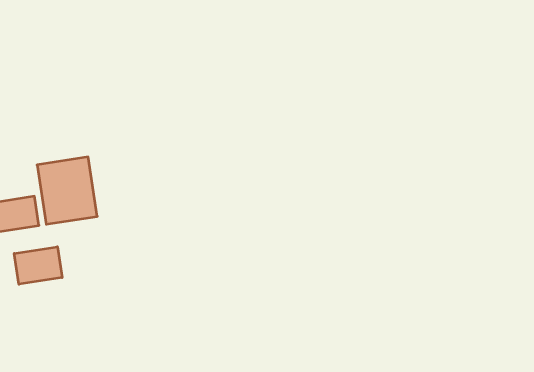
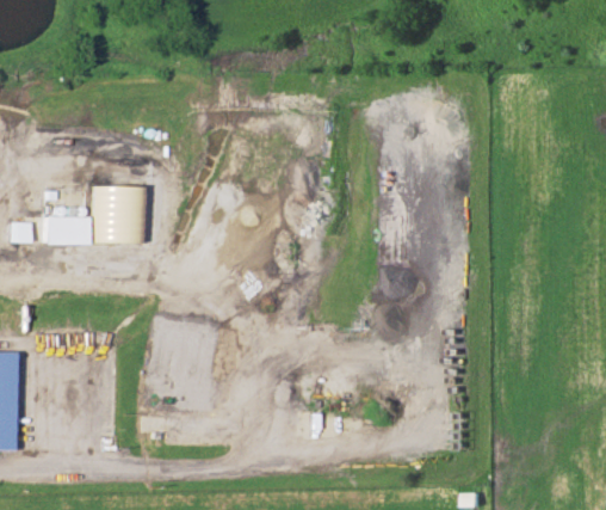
building: [14,247,62,284] -> none

